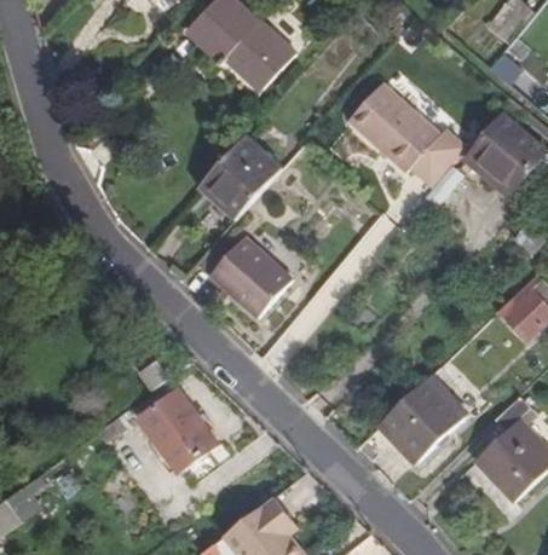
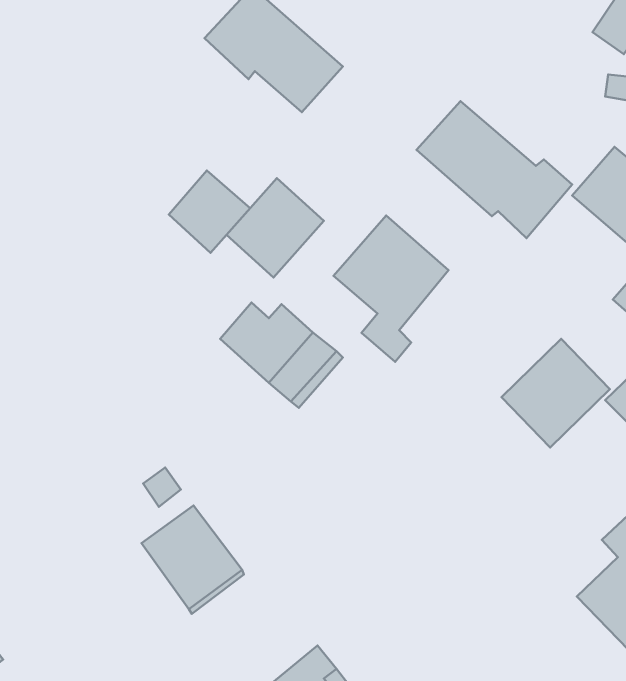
building: none -> [169,170,250,253]
building: none -> [334,216,448,362]
building: [379,377,462,461] -> [501,339,610,447]

